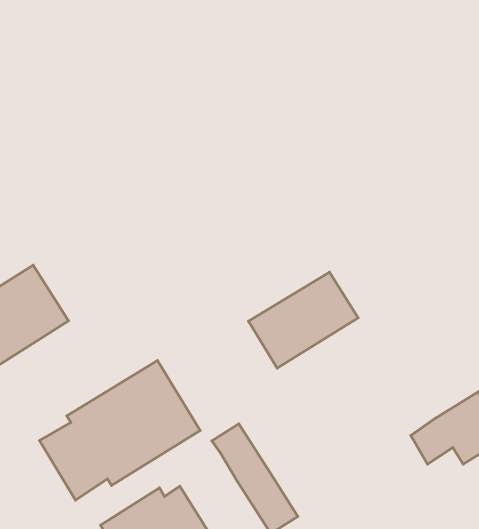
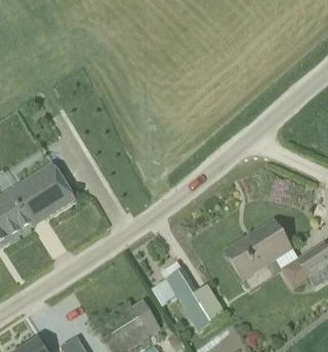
building: [249,272,358,368] -> [224,221,291,279]
building: [39,360,200,500] -> none

